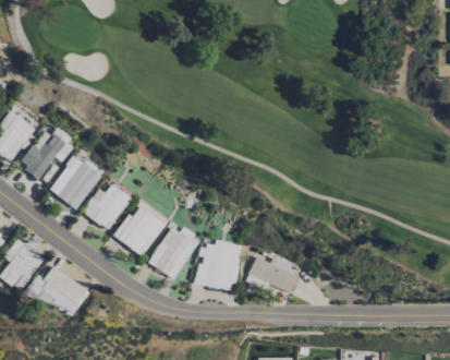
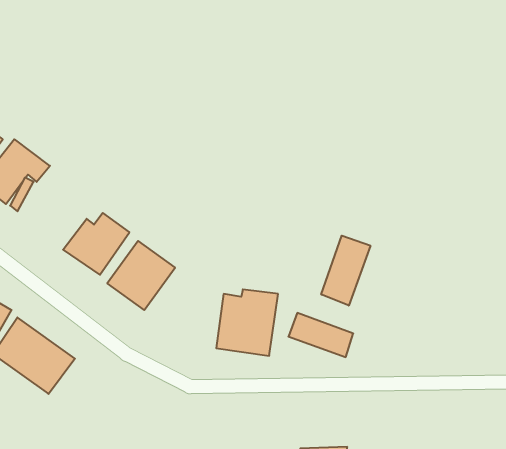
building: [49,156,100,209] -> none
building: none -> [321,236,370,306]
building: [148,230,196,279] -> none

